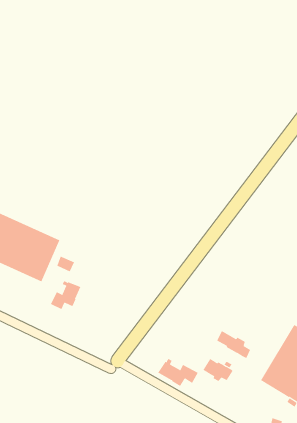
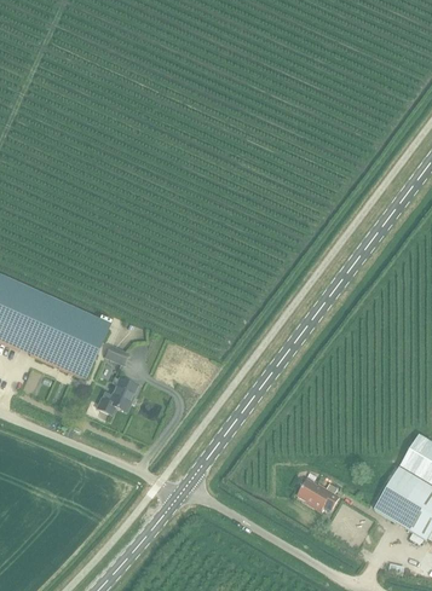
building: [217,330,251,359] -> none
building: [158,358,198,387] -> none

